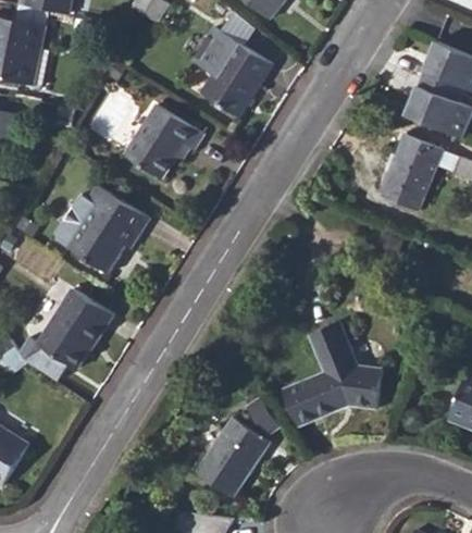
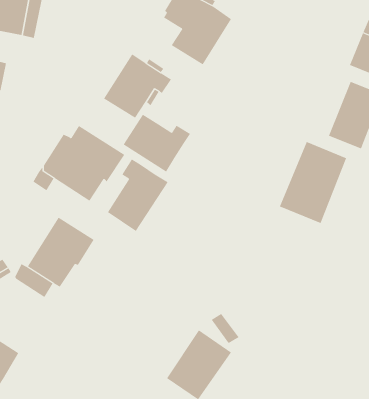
building: none -> [123,114,191,172]
building: none -> [279,141,347,224]
building: none -> [107,158,168,232]
building: [284,323,382,424] -> none

